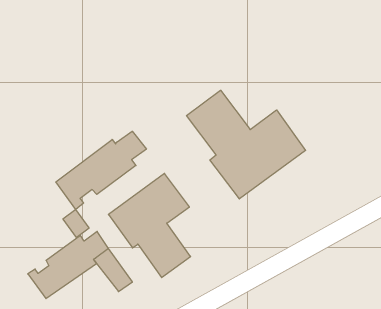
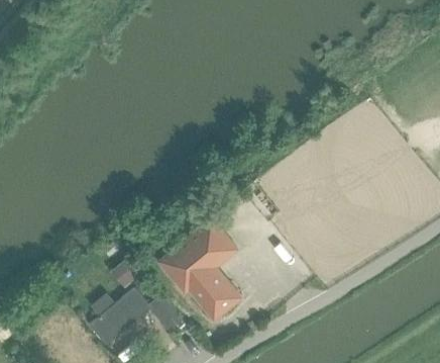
building: [187,90,306,199] -> none
building: [56,131,146,210] -> none

